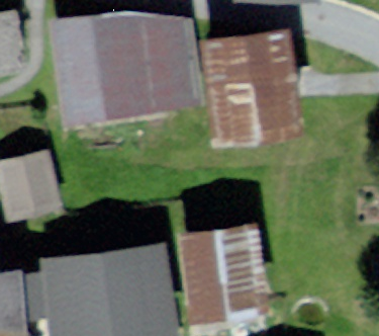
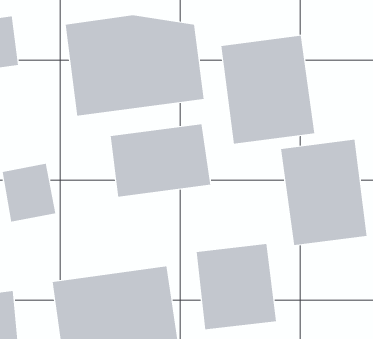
building: none -> [110,123,211,198]
building: none -> [281,139,367,246]

